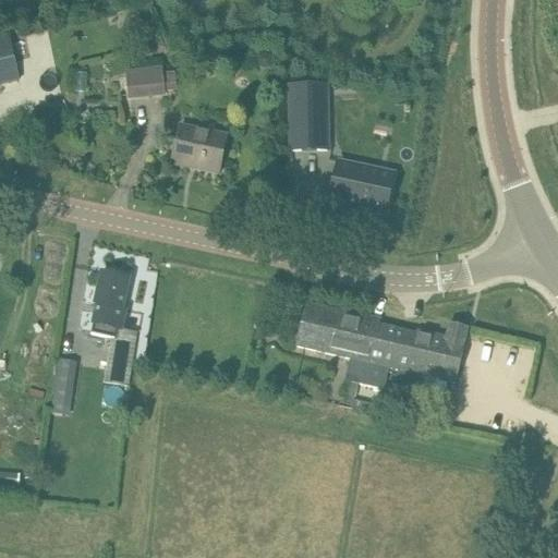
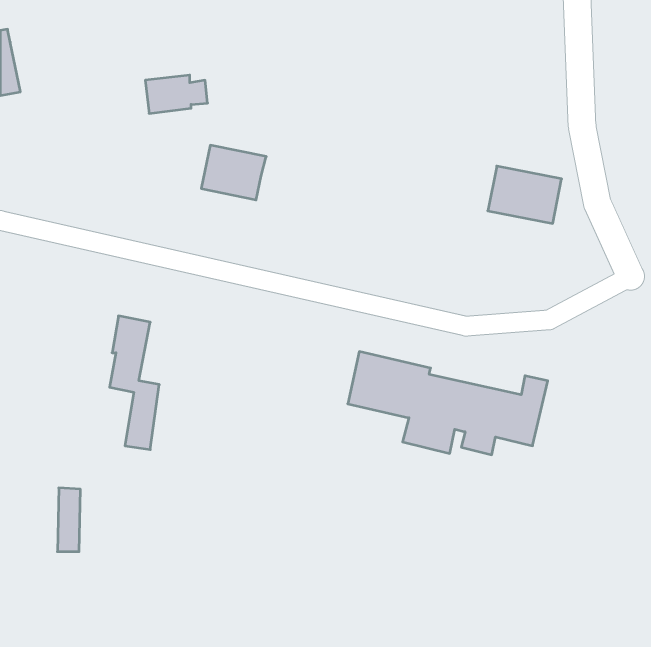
building: [290,82,328,149] -> none
building: [332,156,396,205] -> [488,166,562,223]
building: [51,356,71,411] -> [57,488,80,552]

